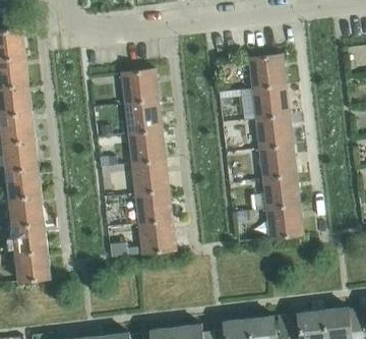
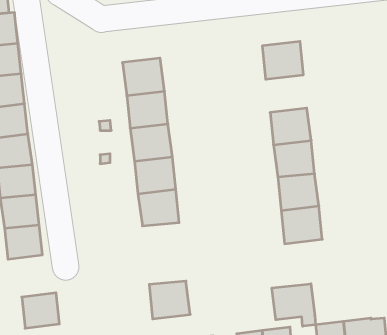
building: [251,84,289,119] -> none
building: [138,220,176,255] -> [149,281,190,319]
building: [15,249,50,282] -> [22,293,59,328]
building: none -> [272,284,316,326]

